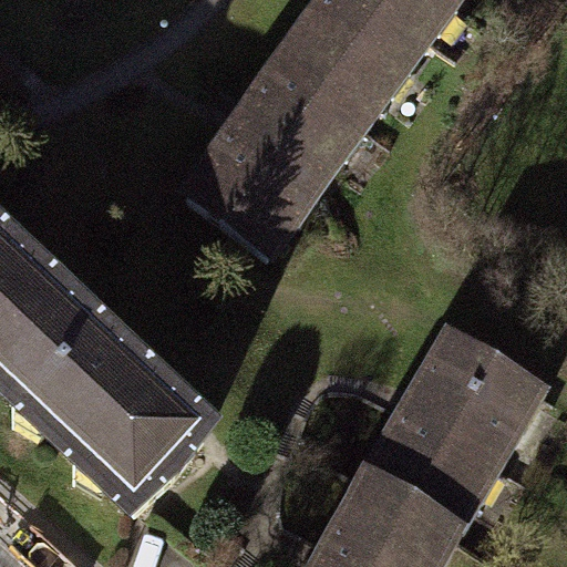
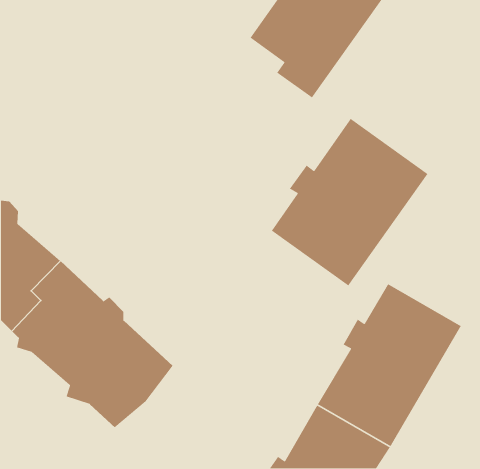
building: [193,44,370,245] -> none
building: none -> [271,118,428,287]

